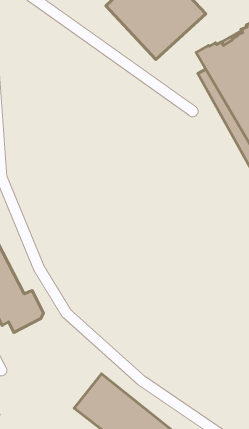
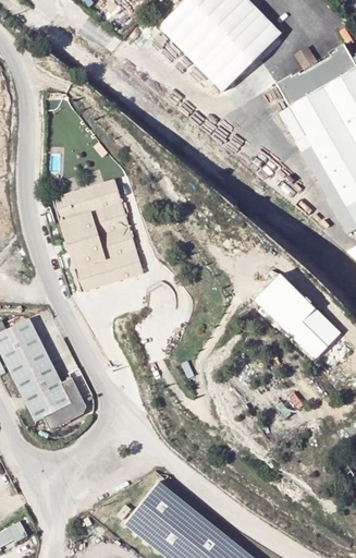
building: none -> [52,179,143,292]
building: none -> [251,277,336,360]

